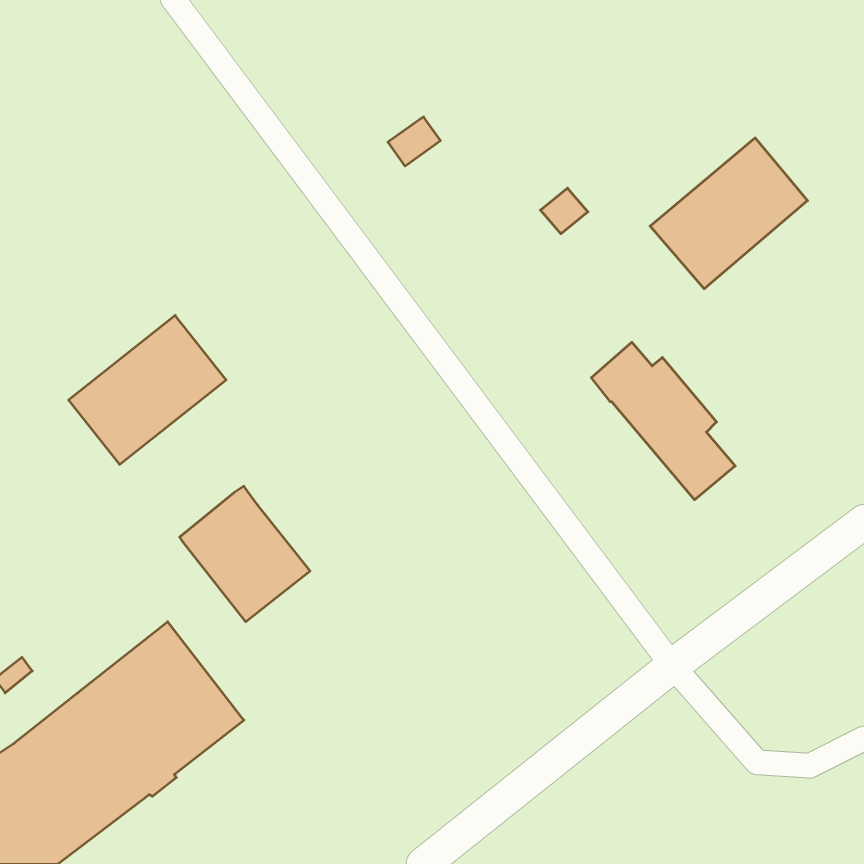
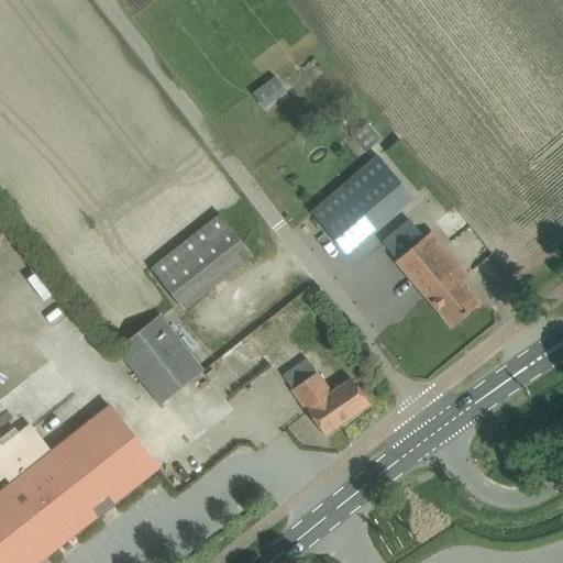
building: [650,138,808,289] -> [310,155,412,253]
building: [69,315,226,464] -> [151,213,253,310]
building: none -> [283,358,368,434]

